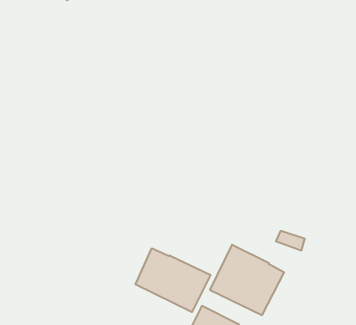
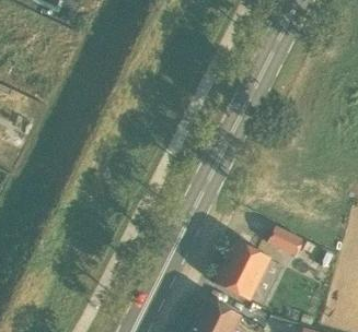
building: [135,248,210,312] -> none

